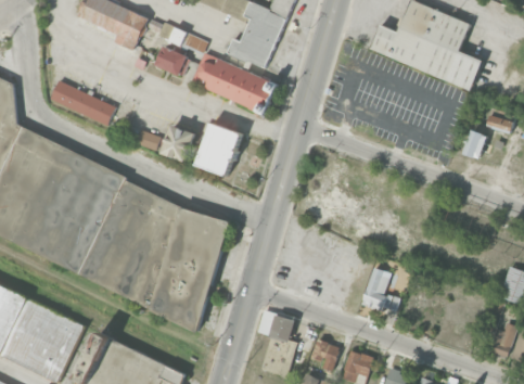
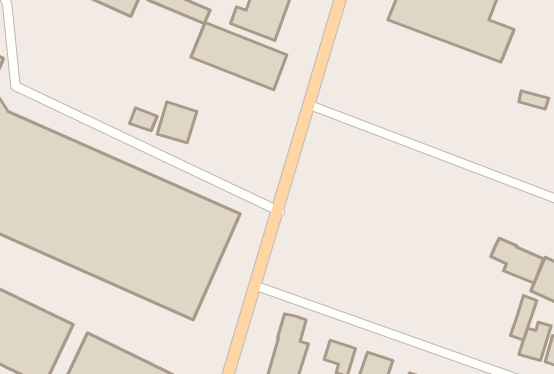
building: [154,47,188,76] -> none
building: [48,80,115,125] -> none
building: [194,123,241,176] -> none
building: [461,130,486,159] -> none
building: none -> [491,238,544,283]
building: [360,267,398,315] -> none

